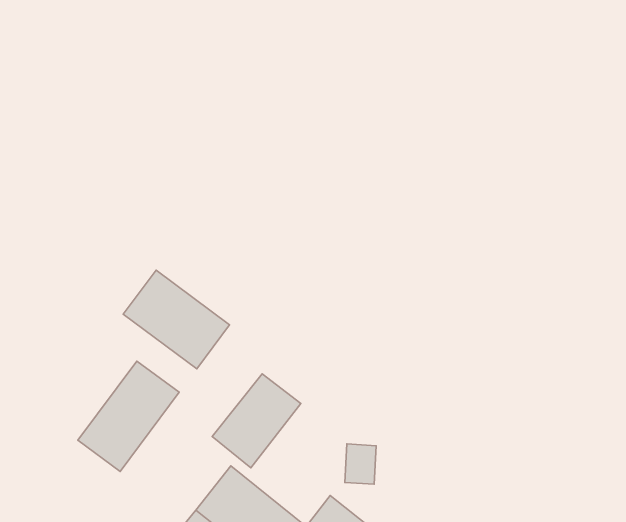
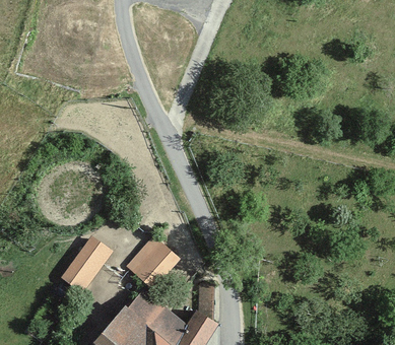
building: [123,270,230,369] -> none

